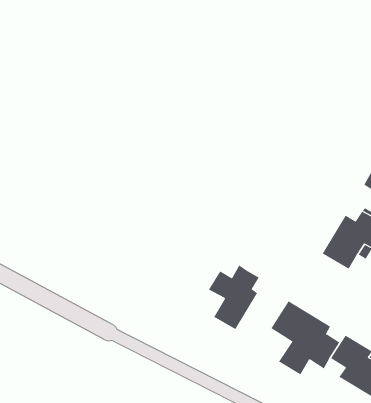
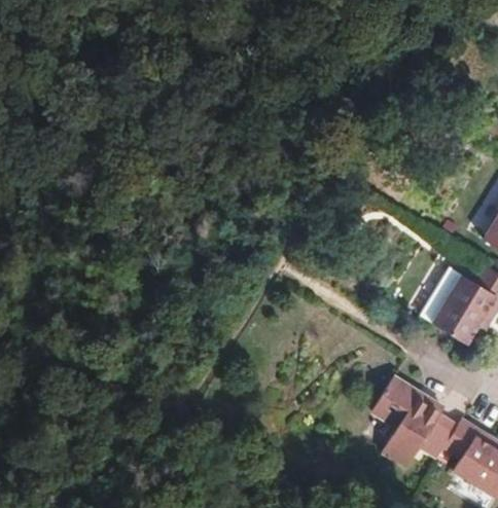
building: [208,265,259,330] -> none

